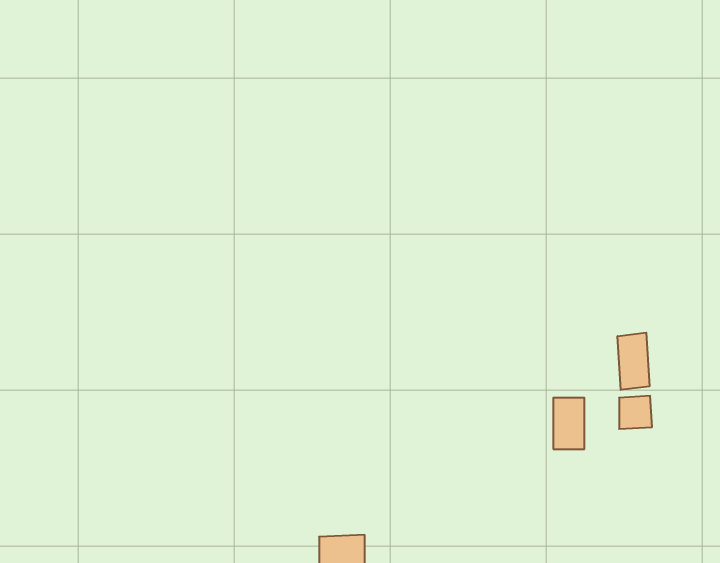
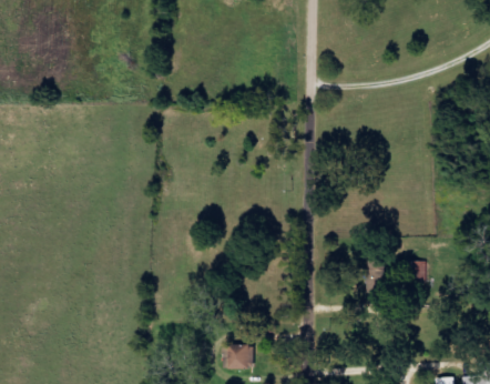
building: [618,333,649,390] -> none

